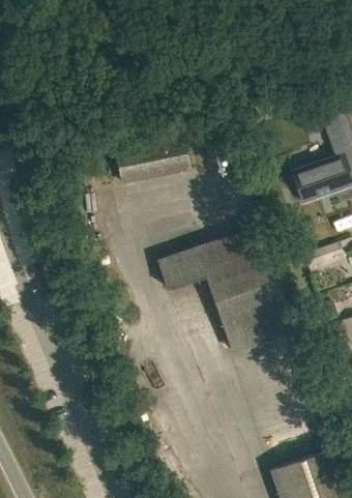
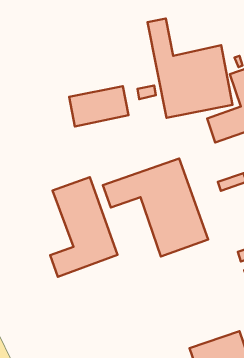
building: none -> [147,18,233,118]
building: none -> [50,177,118,277]

